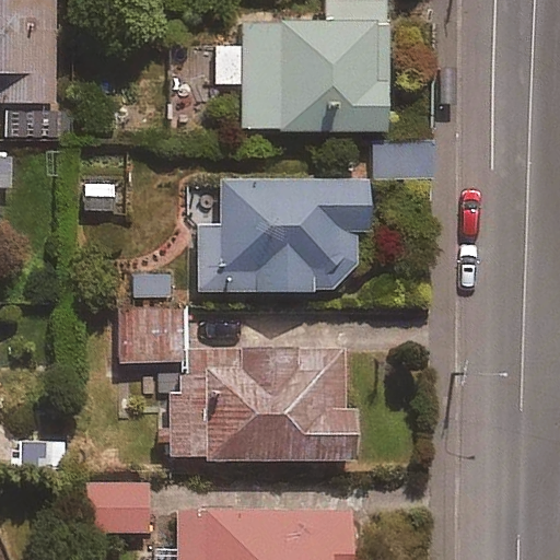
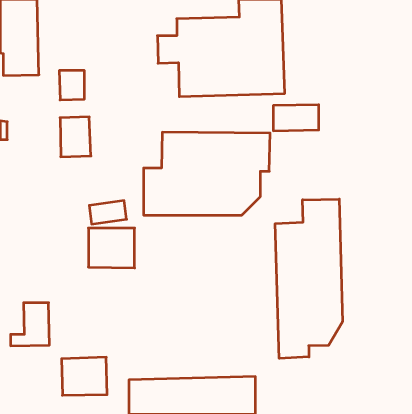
building: none -> [275,199,342,358]
building: [170,347,354,462] -> none

